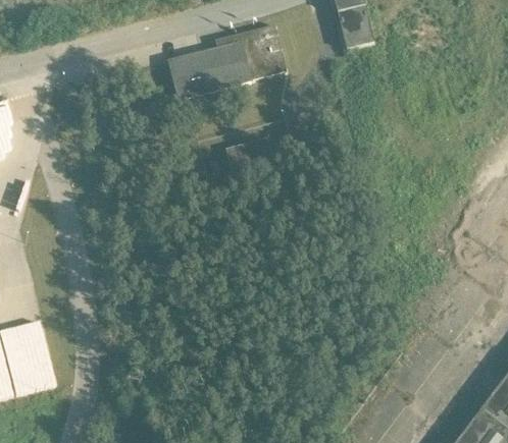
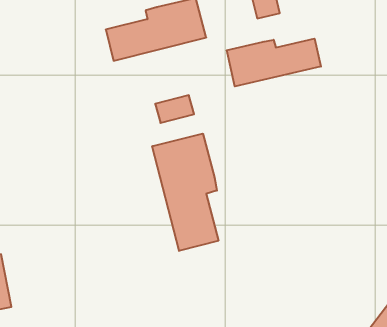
building: none -> [227,39,321,86]
building: none -> [152,134,218,251]

